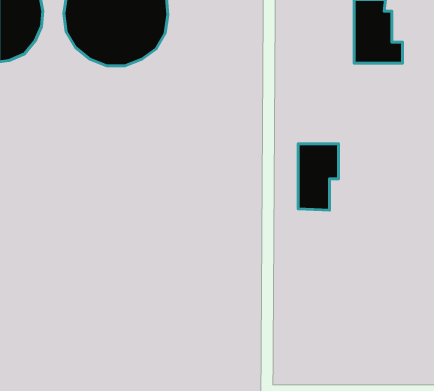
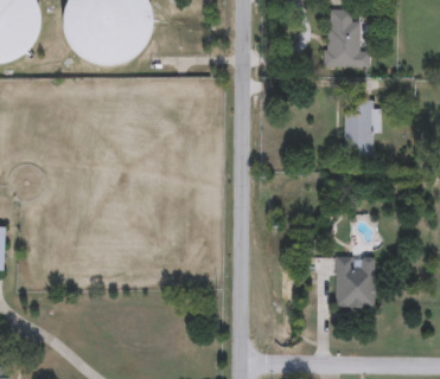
building: [298,144,339,210] -> [344,101,381,161]
building: none -> [334,256,374,308]

